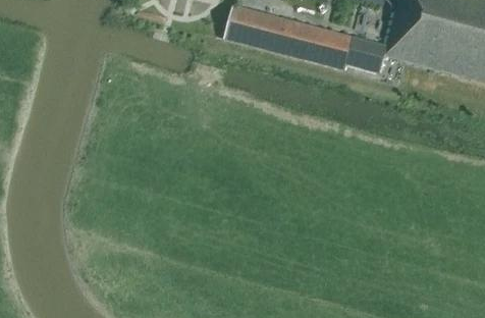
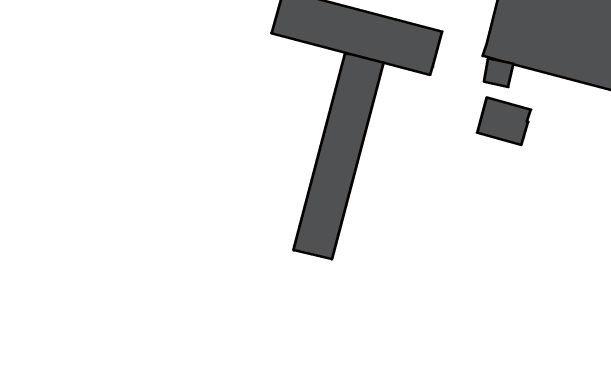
building: [345,37,386,72] -> [477,98,531,145]
building: none -> [294,53,383,259]

